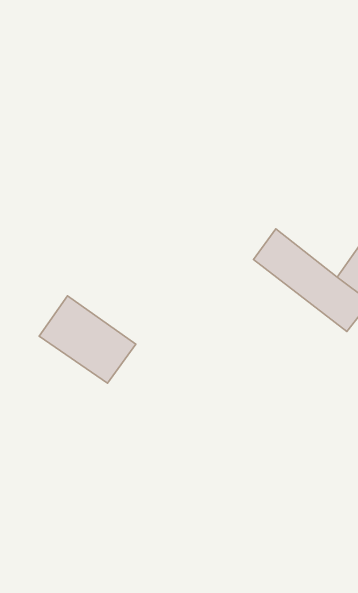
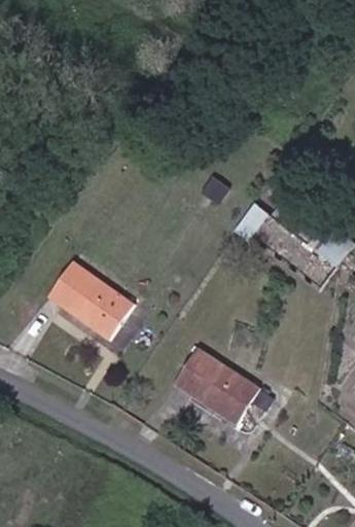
building: none -> [174,347,259,424]

